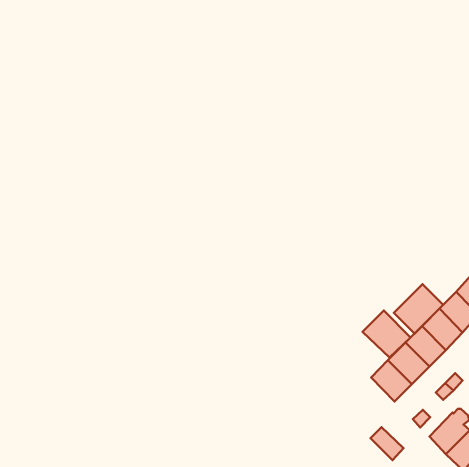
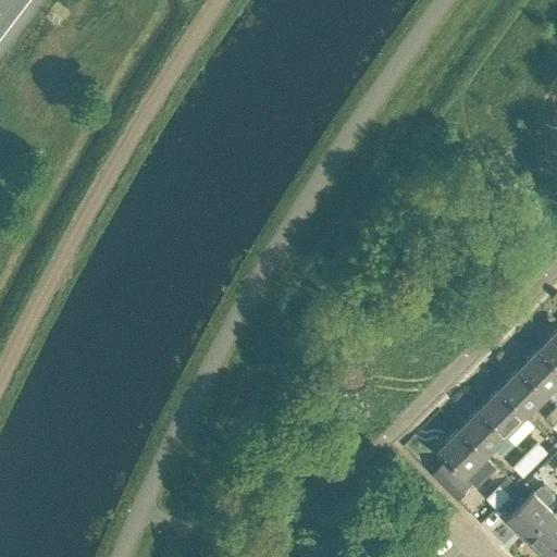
building: [394,284,443,334] -> none
building: [363,311,411,358] -> none
building: [370,427,404,460] -> [433,462,472,502]

